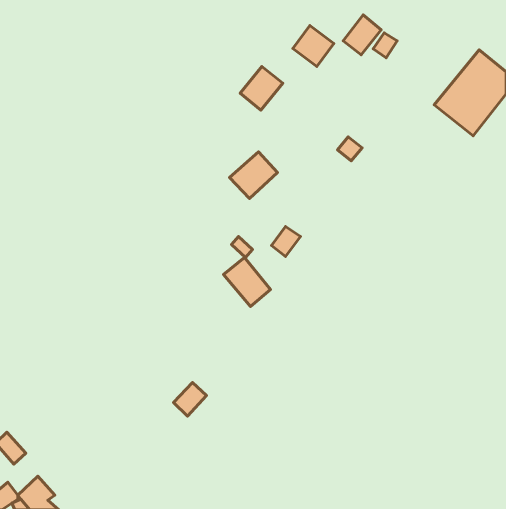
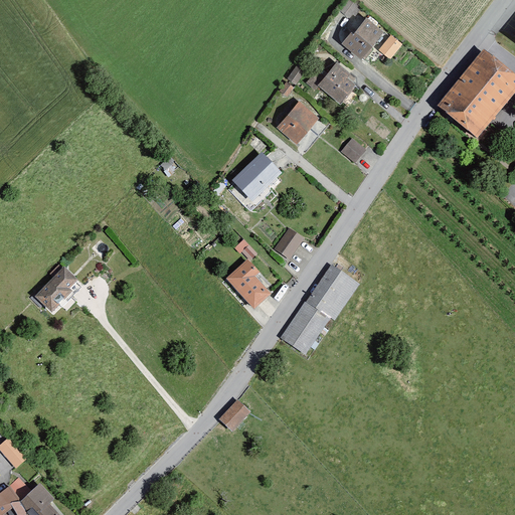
building: [293,26,334,67] -> [318,60,359,102]
building: [240,66,283,110] -> [276,99,319,143]
building: none -> [32,266,81,315]
building: none -> [280,269,353,353]
building: [174,382,207,416] -> [216,399,249,434]

